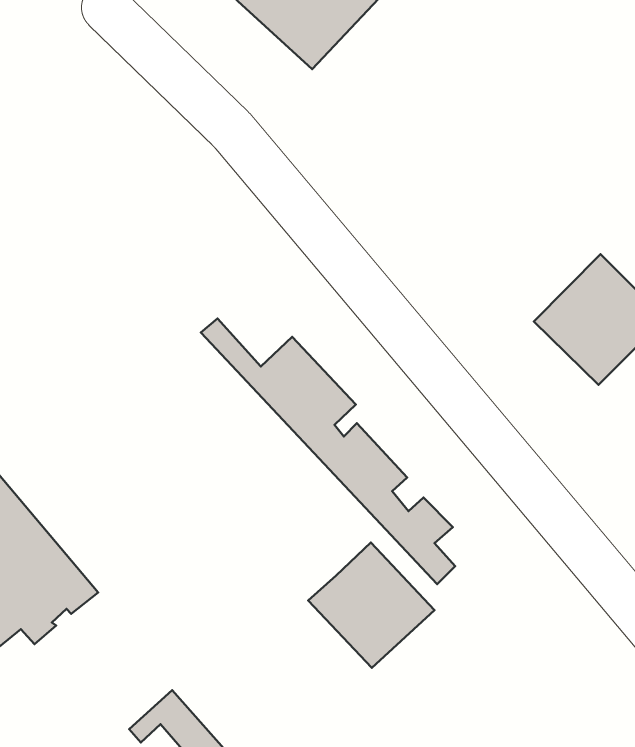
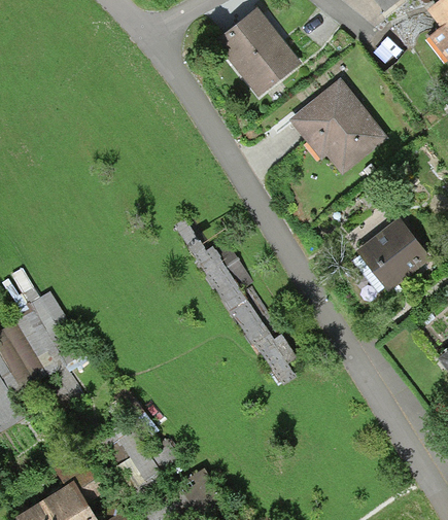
building: none -> [288,80,387,175]
building: [308,543,434,668] -> none

